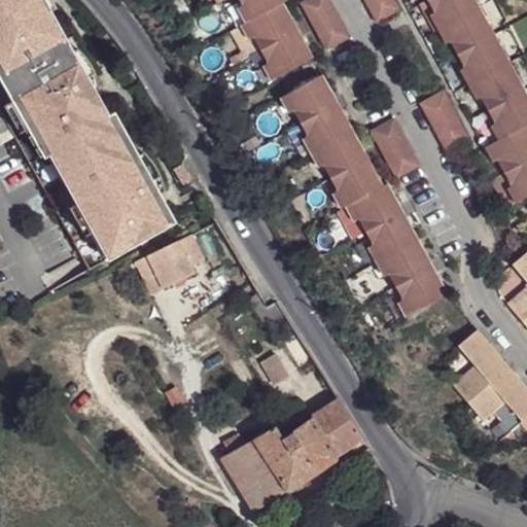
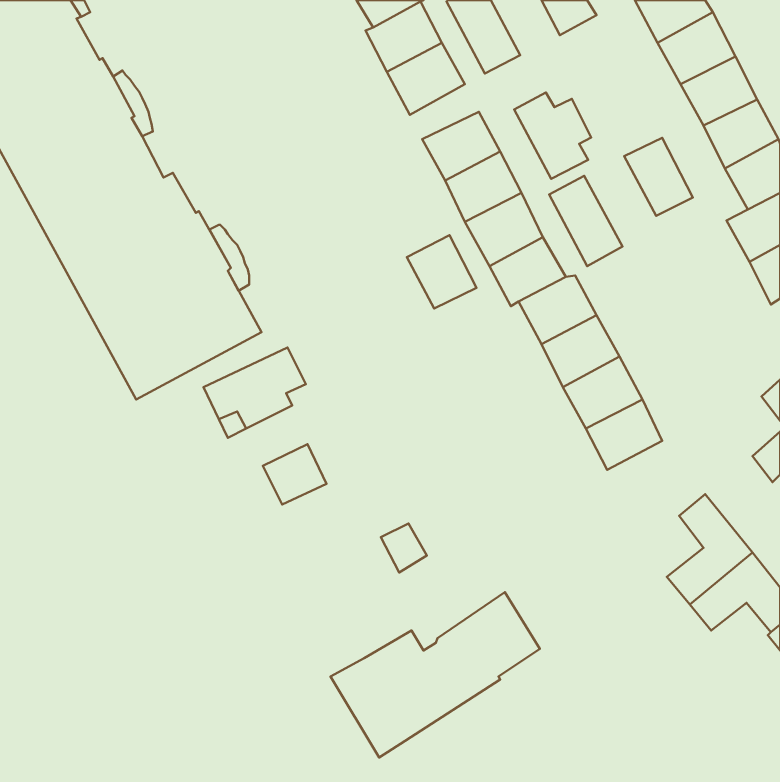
building: none -> [514,93,591,179]
building: none -> [407,235,476,308]
building: none -> [263,444,326,504]

